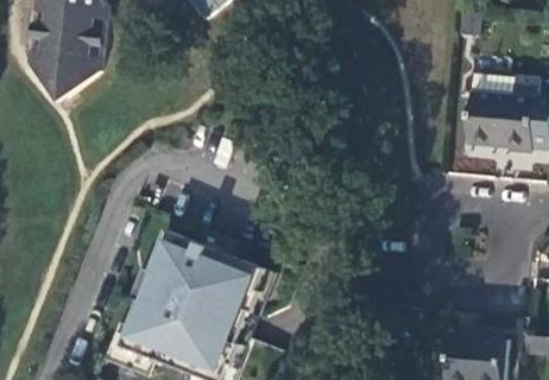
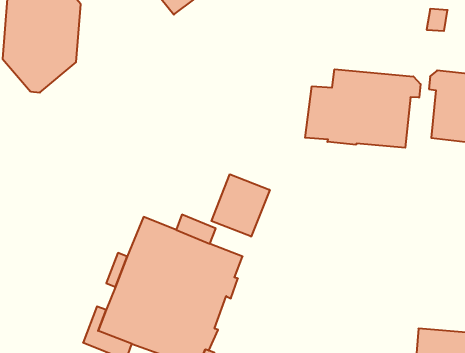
building: none -> [305,69,421,148]
building: none -> [211,174,270,237]

